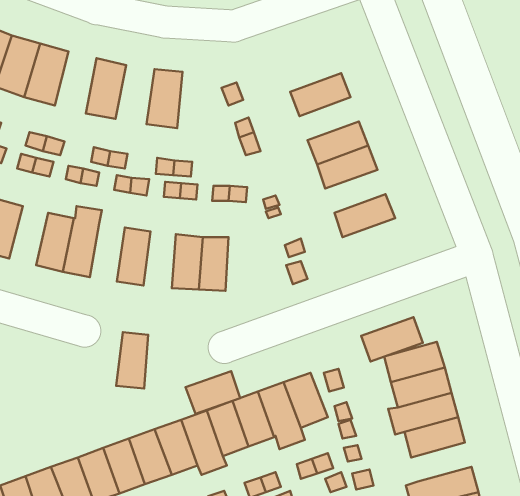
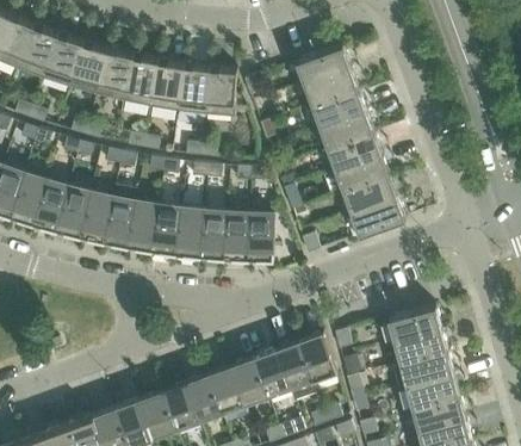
building: none -> [296,43,349,82]
building: none -> [95,47,132,101]
building: none -> [149,58,184,111]
building: none -> [204,64,236,117]
building: none -> [312,87,365,125]
building: none -> [335,151,389,190]
building: none -> [55,184,89,236]
building: none -> [126,199,157,250]
building: none -> [247,211,273,260]
building: [361,317,423,362] -> [351,194,405,234]
building: [116,332,148,389] -> [174,206,203,256]
building: [185,371,240,414] -> none
building: none -> [411,394,465,428]

